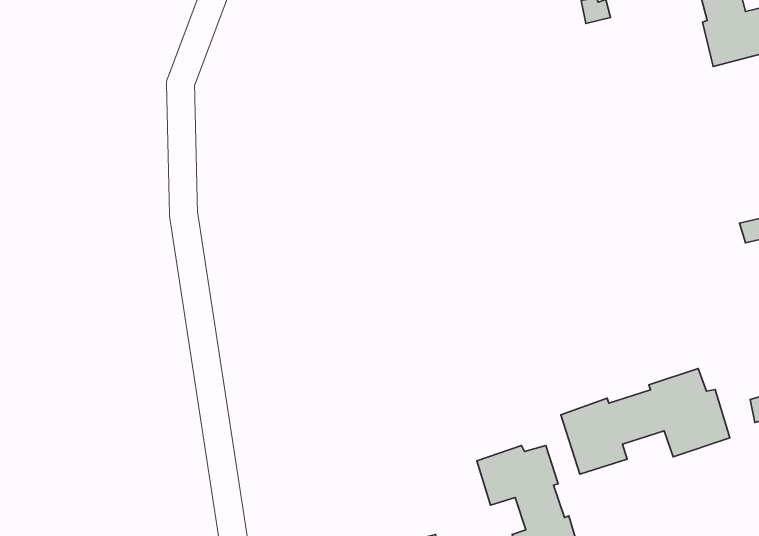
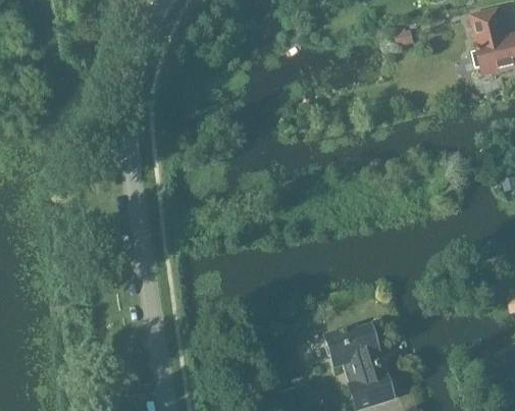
building: [561,369,730,474] -> none

